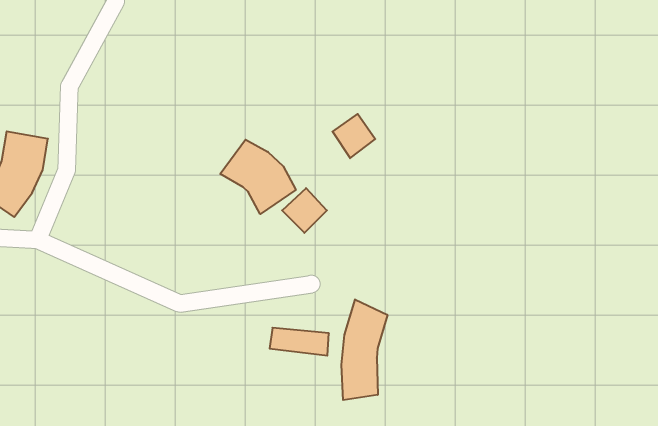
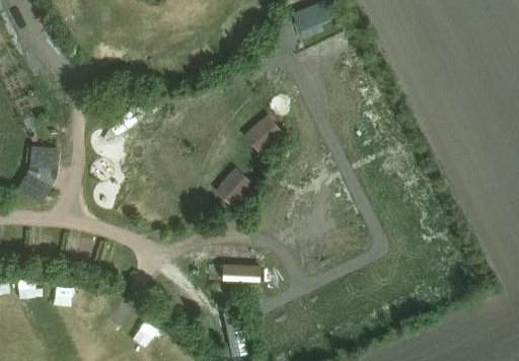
building: [220,140,296,214] -> none
building: [341,299,387,400] -> none

